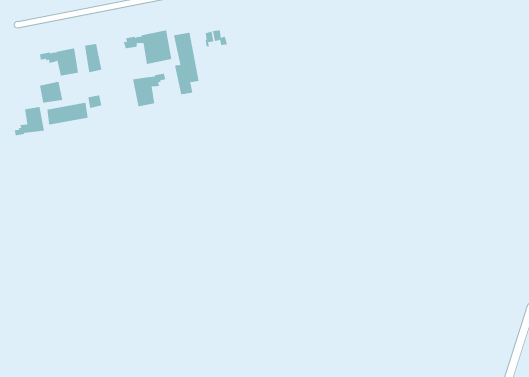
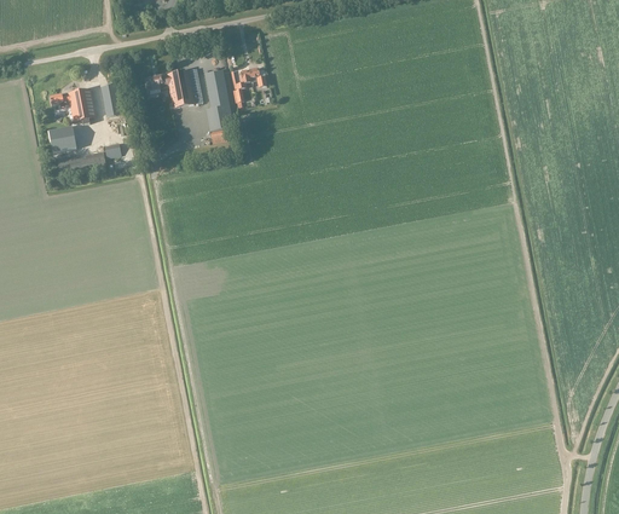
building: [132,73,166,107] -> none
building: [14,106,45,136] -> none

